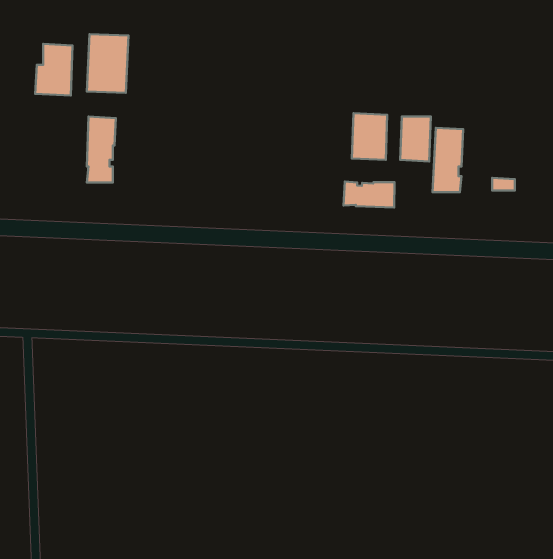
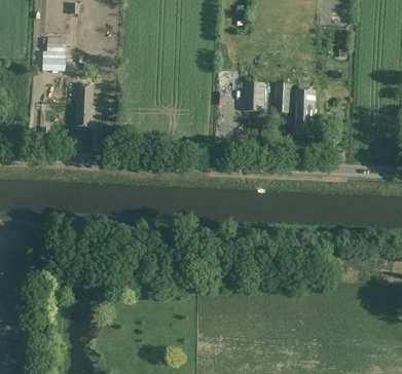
building: [87,34,128,93] -> none
building: [343,181,394,208] -> none

